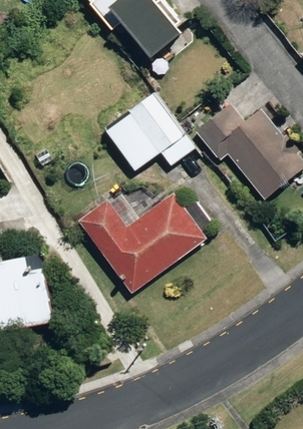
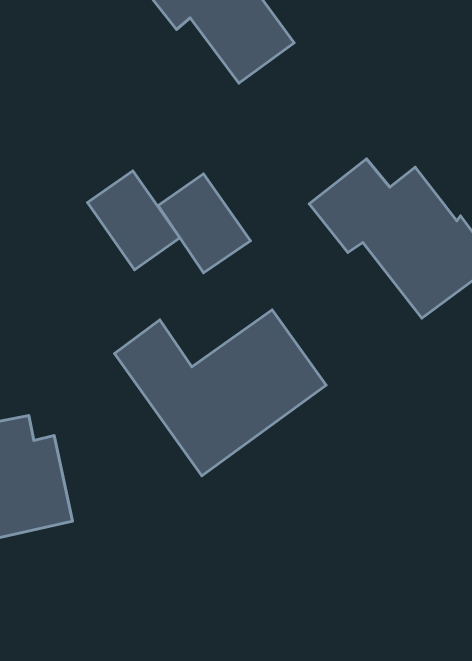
building: [132,94,188,153] -> [88,171,180,270]

